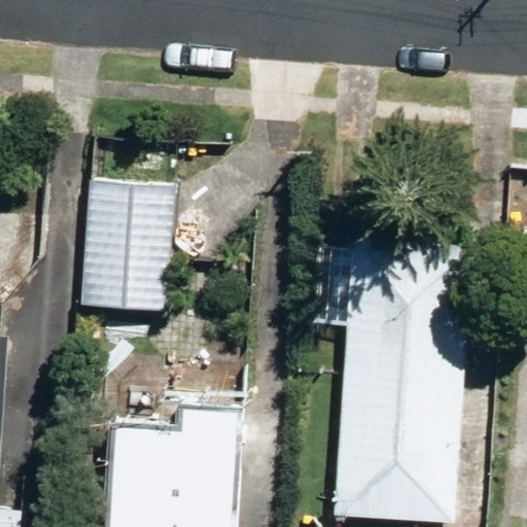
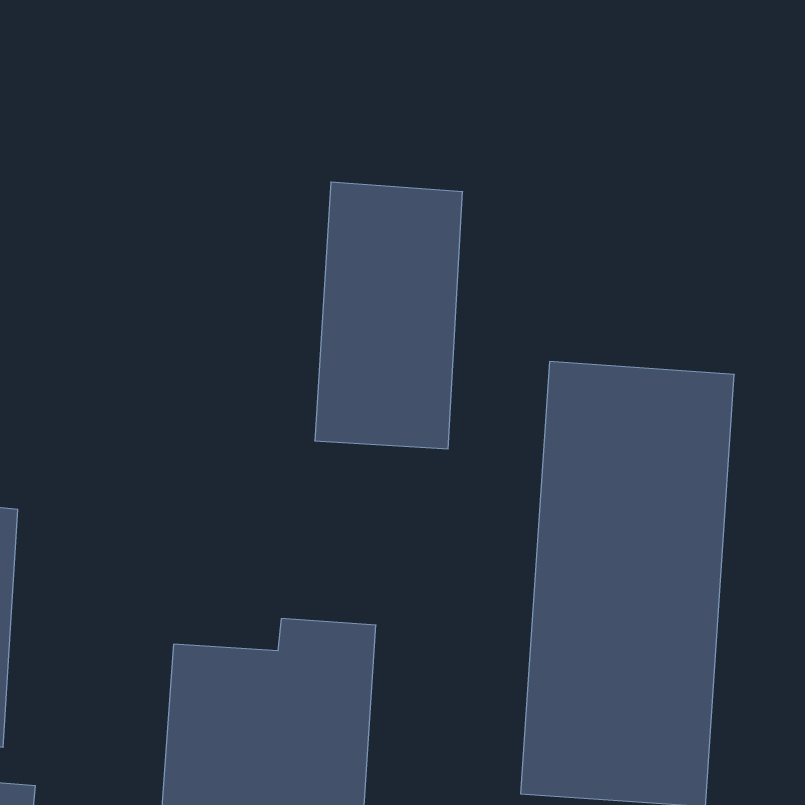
building: [80,147,175,318] -> [315,182,463,449]

